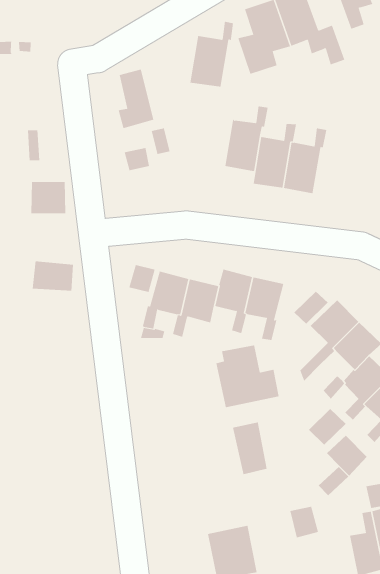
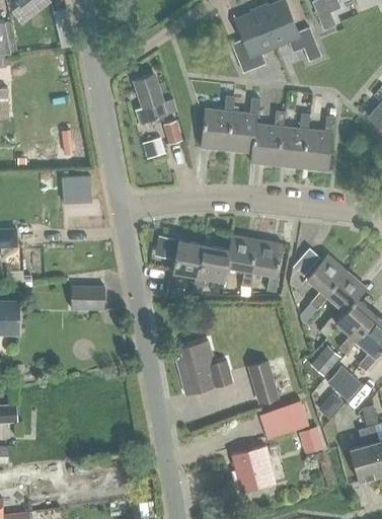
building: [190,21,234,87] -> [201,95,234,150]
building: none -> [302,117,335,171]
building: [32,261,74,291] -> [71,286,104,309]
building: [216,345,280,408] -> [176,342,231,395]
building: none -> [259,400,309,440]

